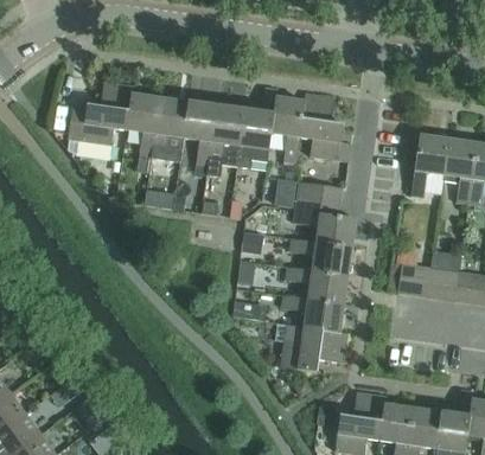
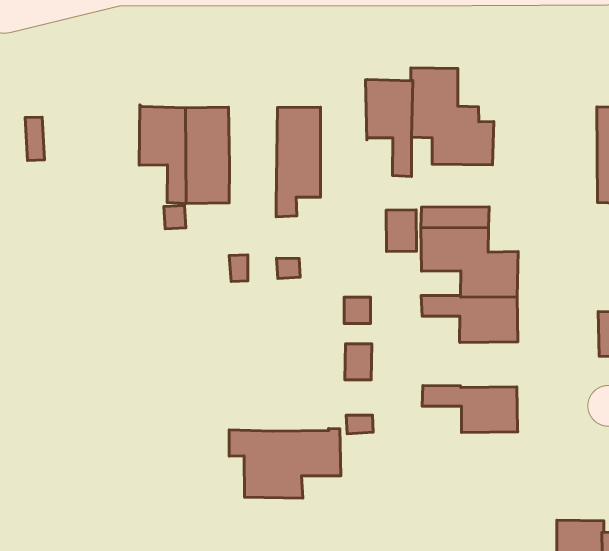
building: [68,82,133,145] -> none
building: [236,86,277,167] -> none
building: [181,101,217,166] -> none
building: [285,265,347,303] -> none
building: [274,322,346,372] -> [229,429,341,498]

